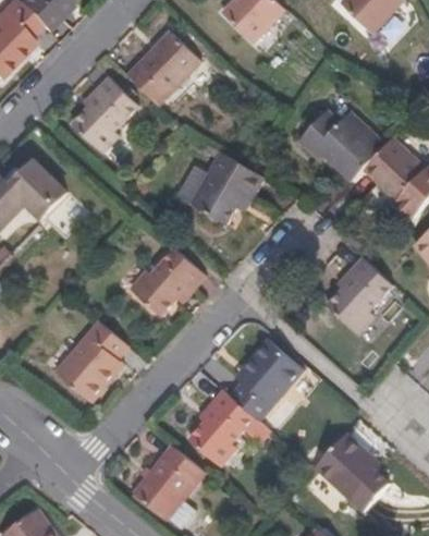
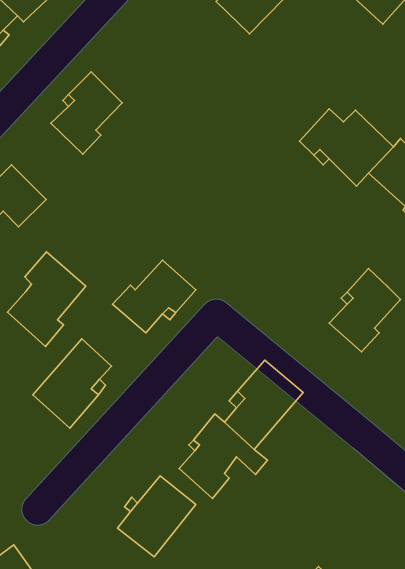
building: [126,31,201,105] -> none
building: [176,151,262,224] -> none
building: none -> [8,252,86,347]
building: [315,431,390,511] -> none

